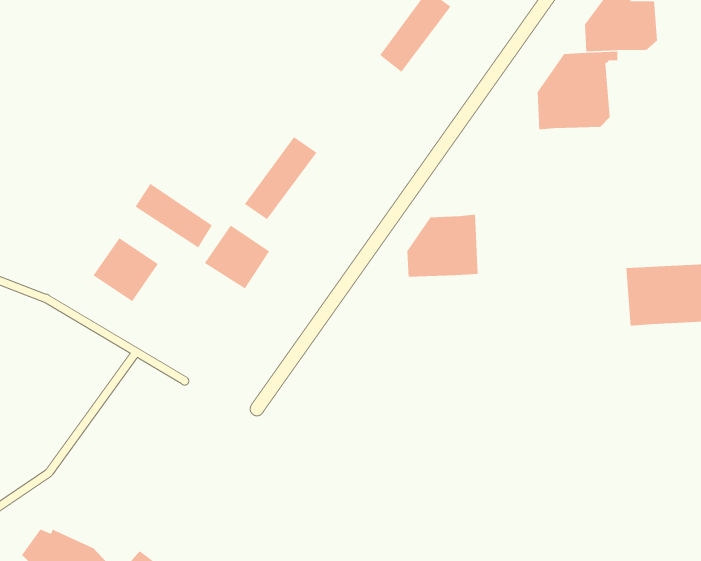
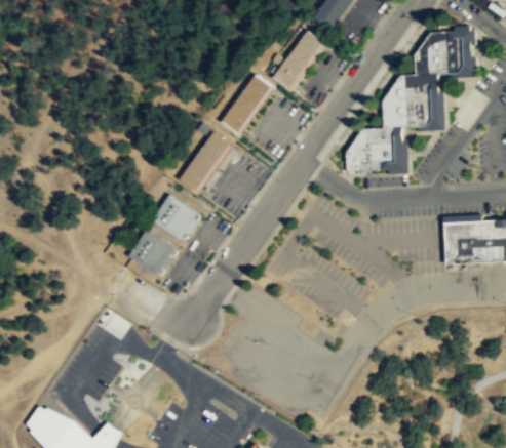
building: none -> [221,74,271,132]
building: [134,183,213,248] -> none
building: [406,214,479,277] -> [347,127,397,171]
building: [93,237,159,302] -> [127,230,173,275]

